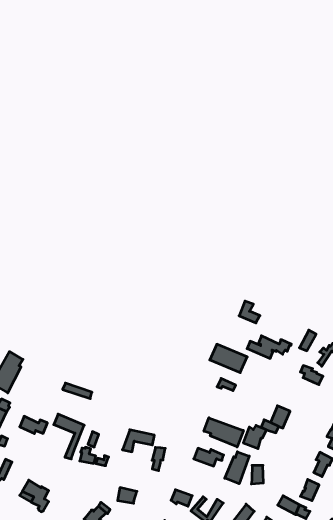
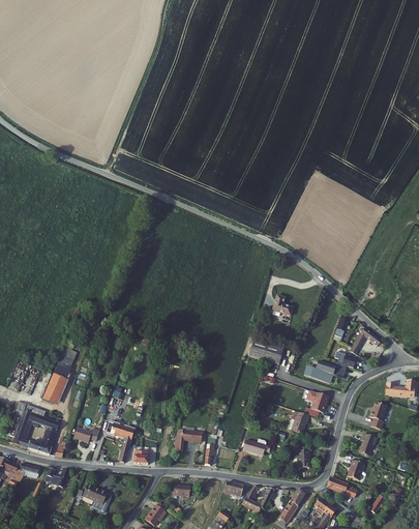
building: [247,336,291,358] -> [306,361,348,382]
building: [204,418,243,447] -> none
building: [225,452,249,484] -> none

